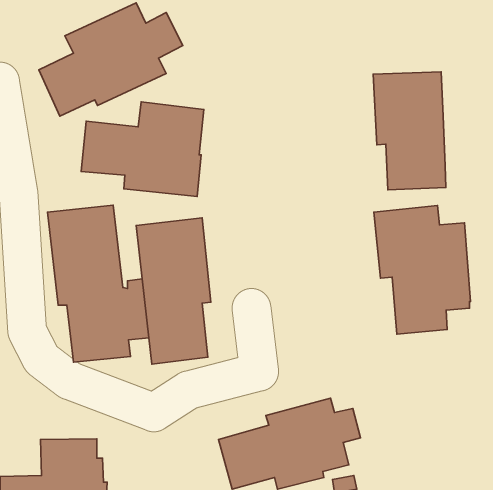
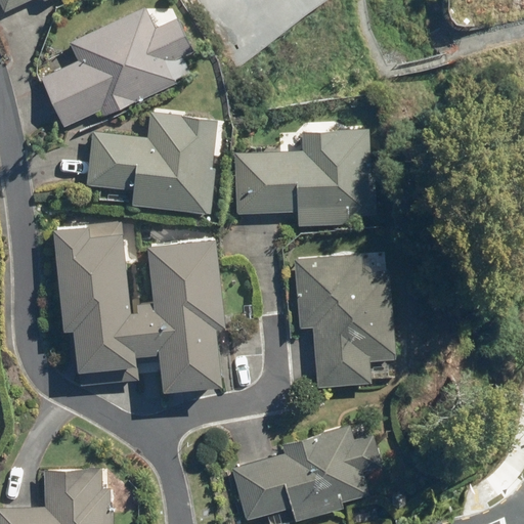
building: [373,72,446,190] -> none
building: none -> [233,129,378,227]
building: [374,205,470,334] -> [294,253,396,389]

